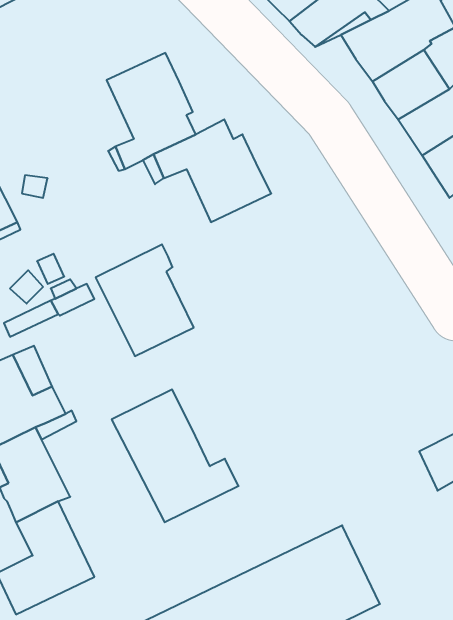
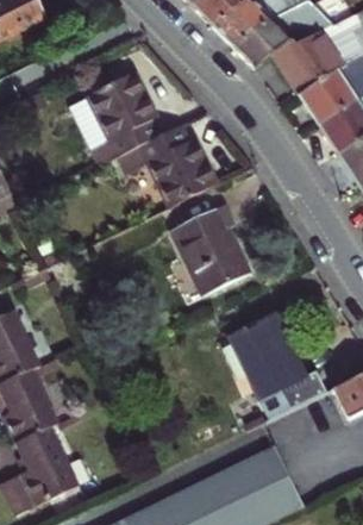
building: [96,244,194,356] -> [171,205,249,293]
building: [112,389,239,522] -> [227,313,327,418]

